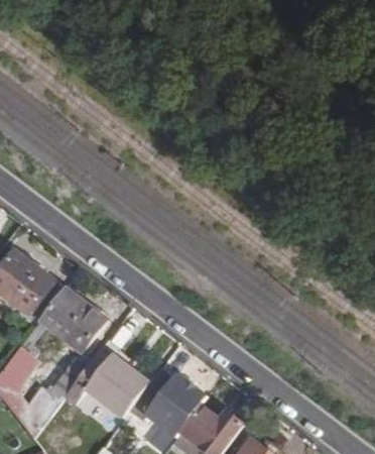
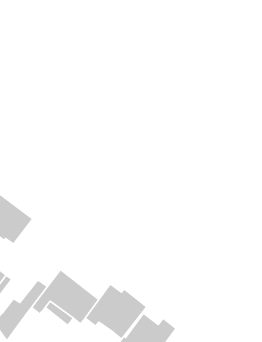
building: [40,288,108,352] -> none

